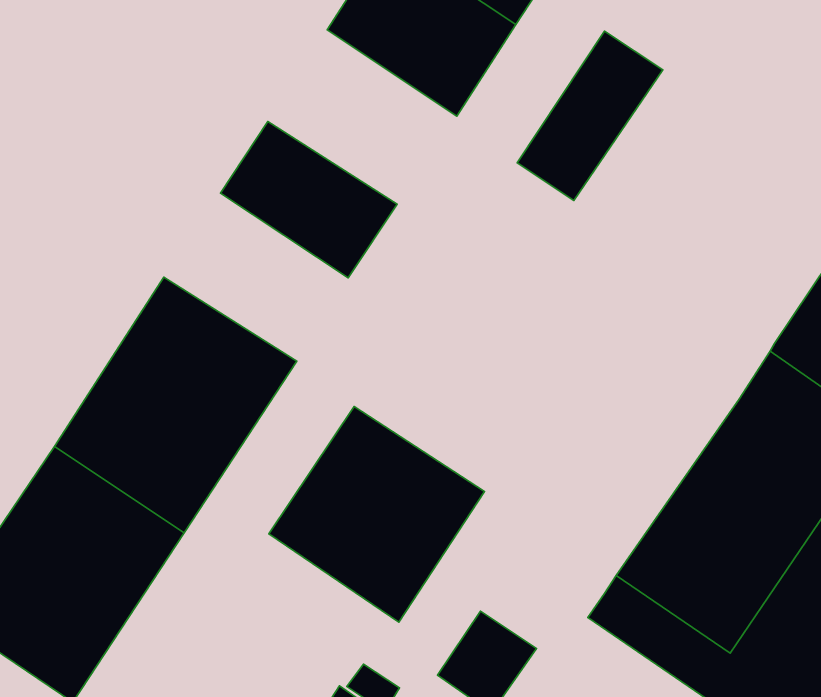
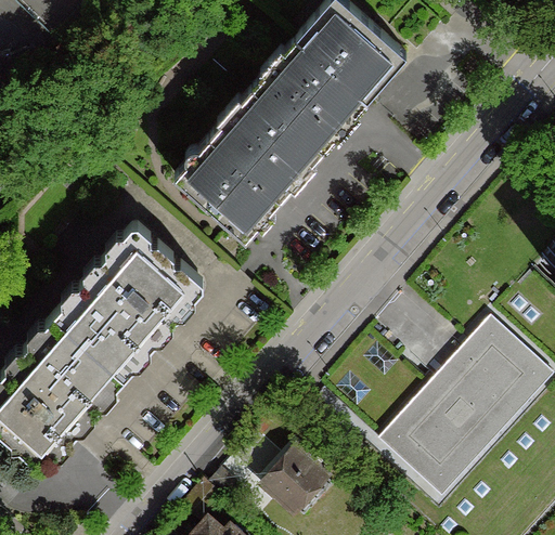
building: none -> [210,84,324,195]
building: [517,31,663,200] -> none
building: [269,406,485,622] -> none

